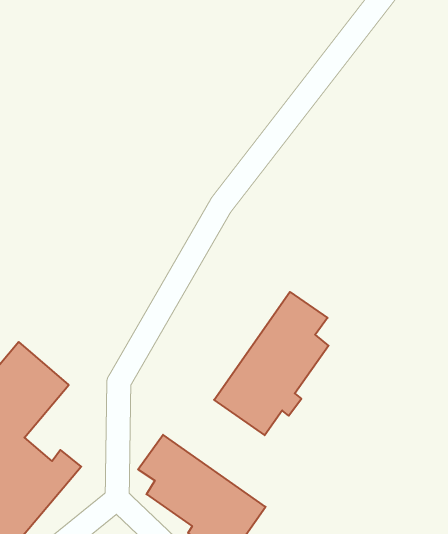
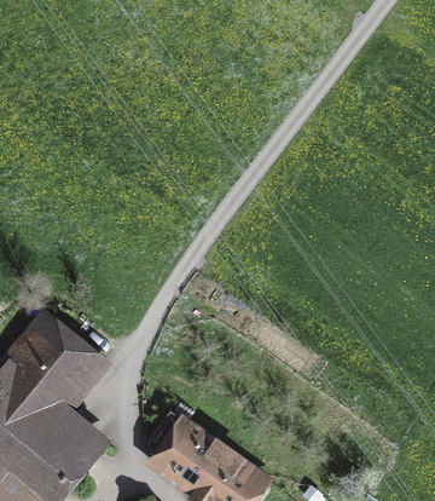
building: [214,292,329,435] -> none

